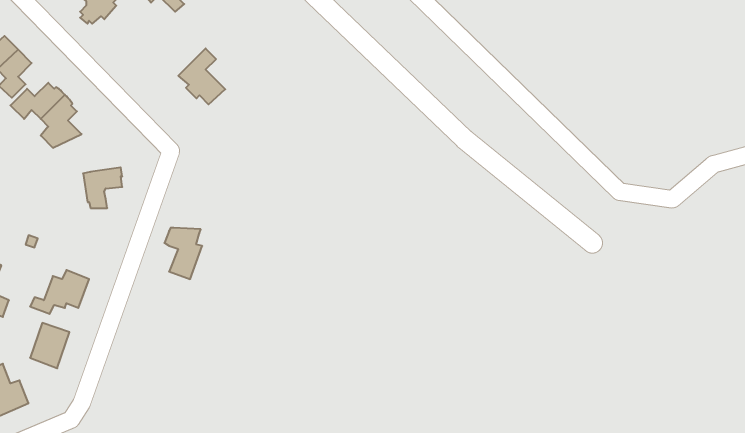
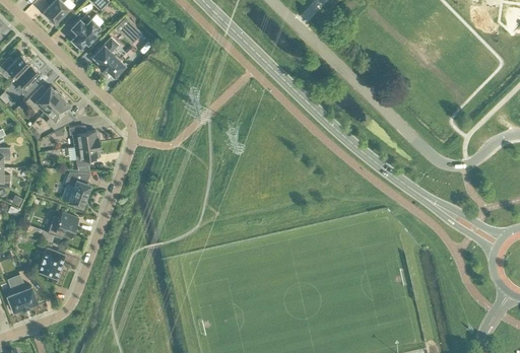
building: [178,48,225,104] -> [92,38,124,75]
building: none -> [68,126,99,146]
building: [164,228,202,279] -> [65,172,90,207]

